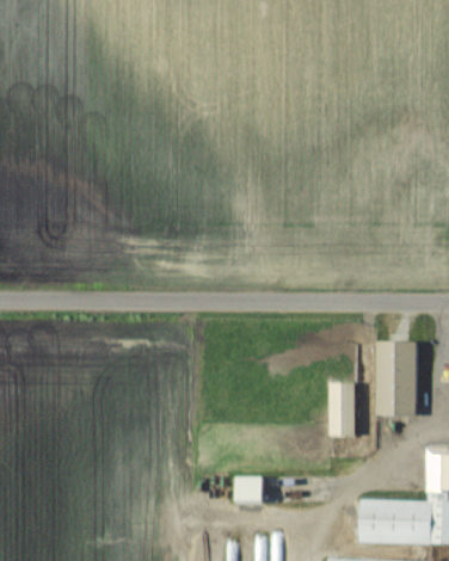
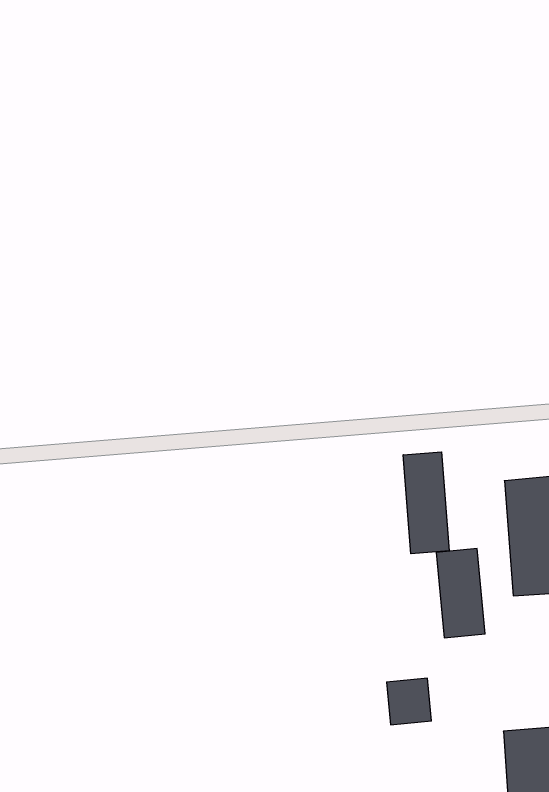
building: none -> [403,452,449,554]
building: [235,476,262,504] -> [387,678,431,725]

